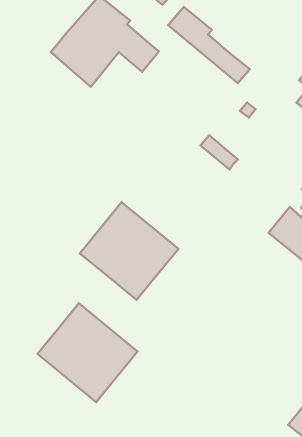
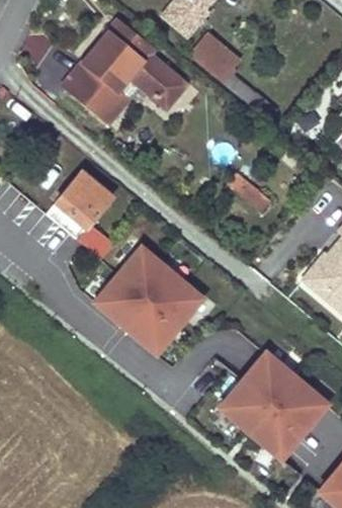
building: none -> [46,177,112,261]
building: none -> [222,352,329,458]
building: [37,303,138,402] -> none

